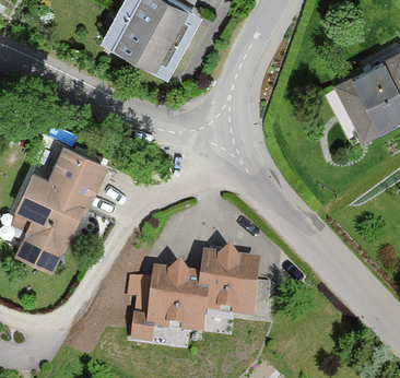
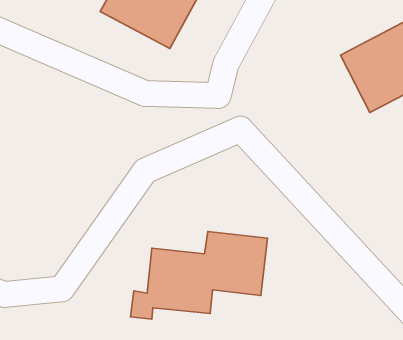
building: [10,144,106,272] -> none

